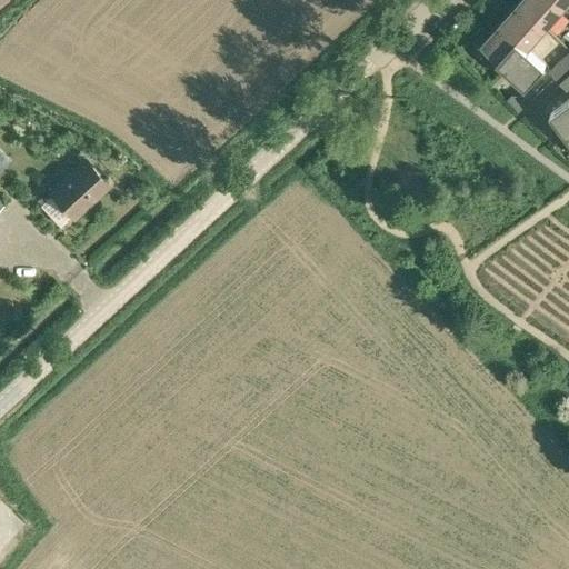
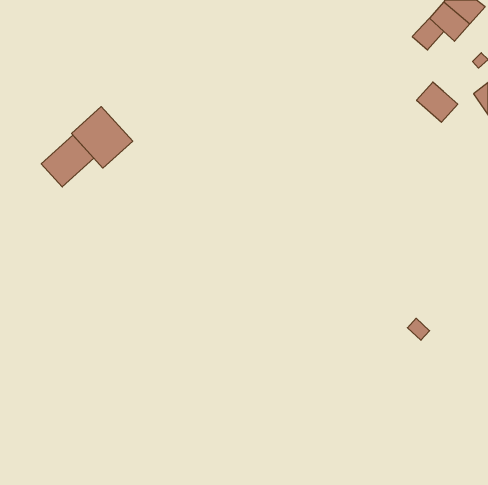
building: [496,42,543,89] -> [417,82,458,122]
building: none -> [72,107,133,168]

